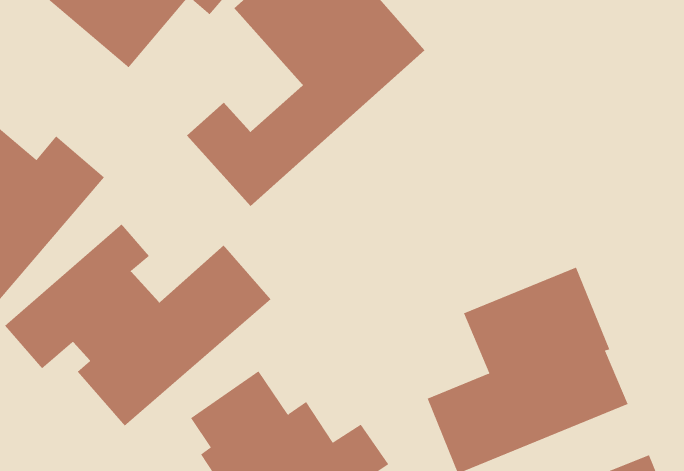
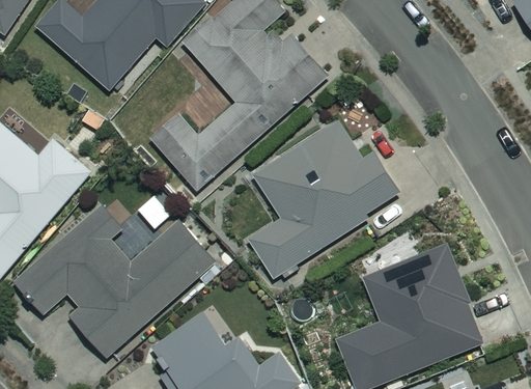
building: none -> [249,123,400,277]

